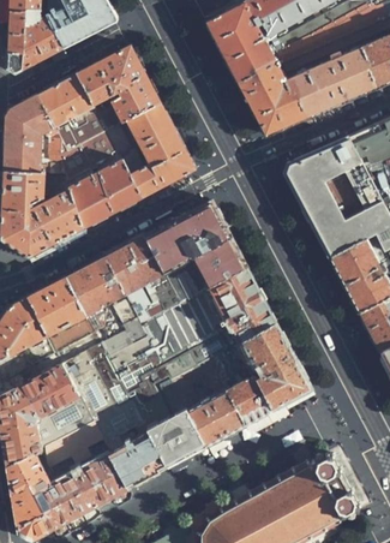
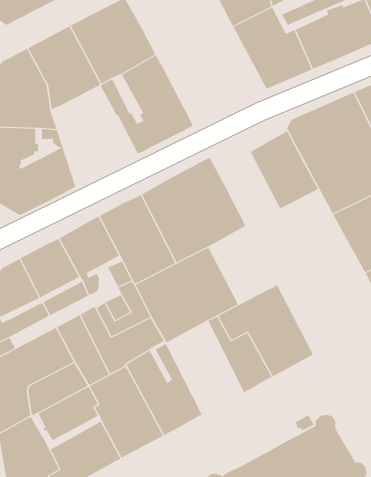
building: [59,131,142,228] -> none
building: [210,265,276,341] -> [250,130,319,209]
building: [169,357,244,447] -> none

